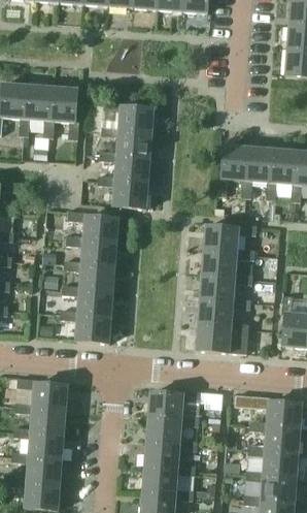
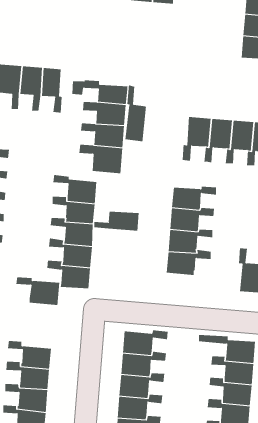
building: none -> [125,84,146,142]
building: none -> [94,211,139,231]
building: [197,321,248,353] -> none
building: [16,379,68,412] -> [16,277,60,306]

